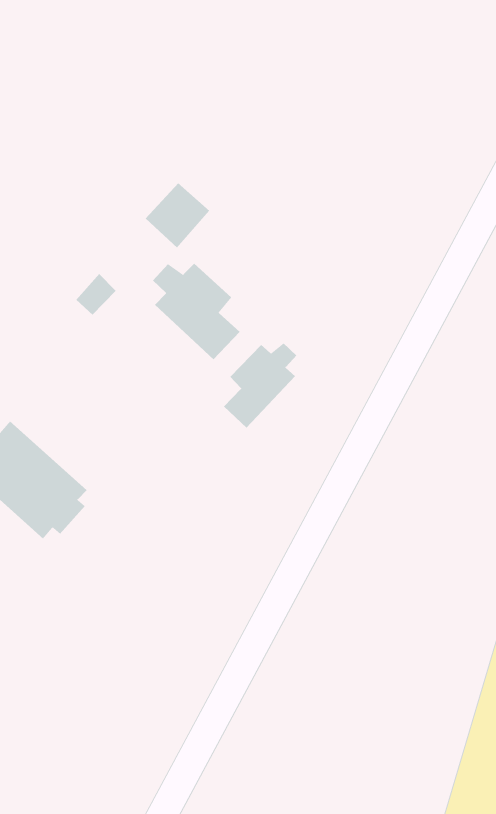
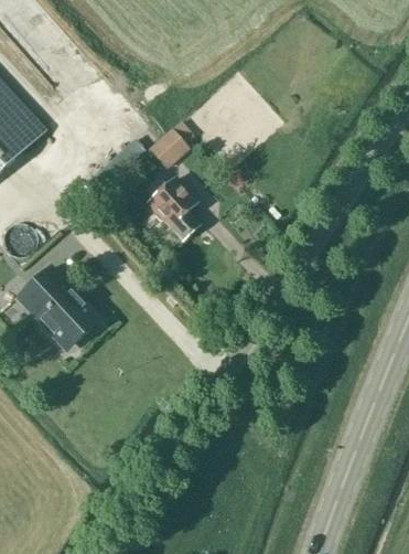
building: [223,342,297,429] -> none

